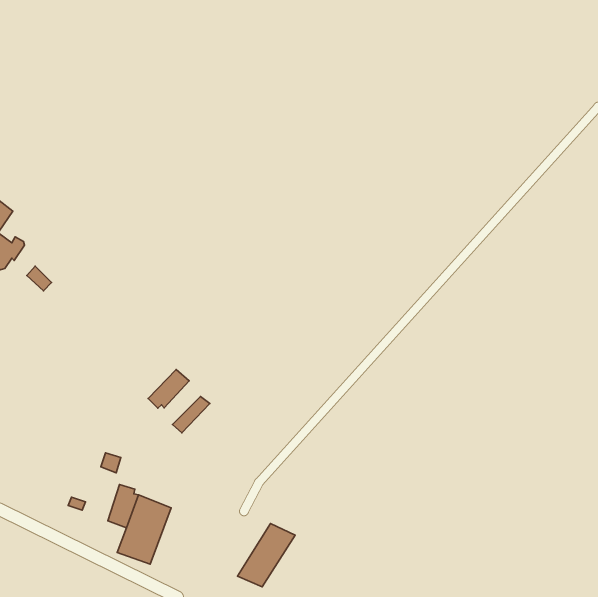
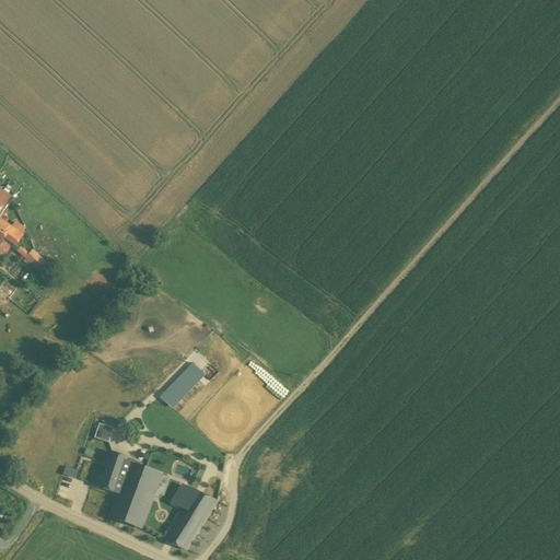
building: [148,369,189,408] -> none
building: [238,524,295,587] -> [163,489,217,548]

